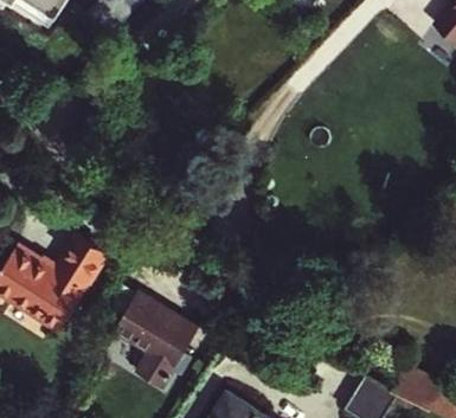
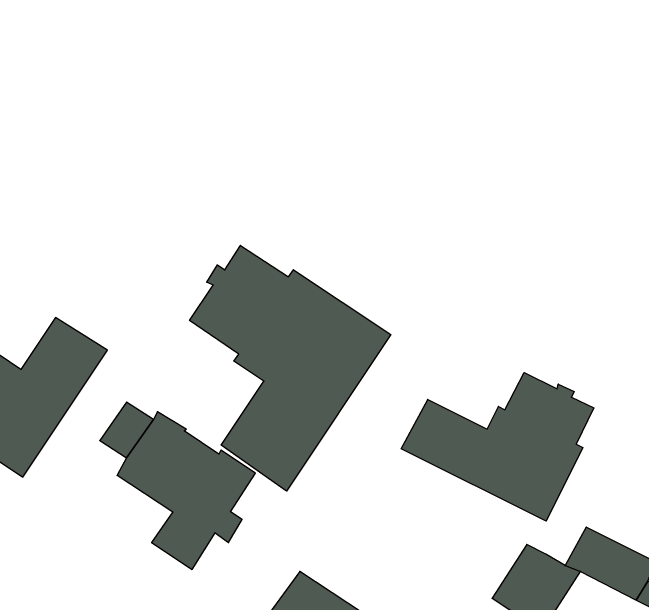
building: none -> [190,245,391,491]
building: none -> [401,373,594,521]

